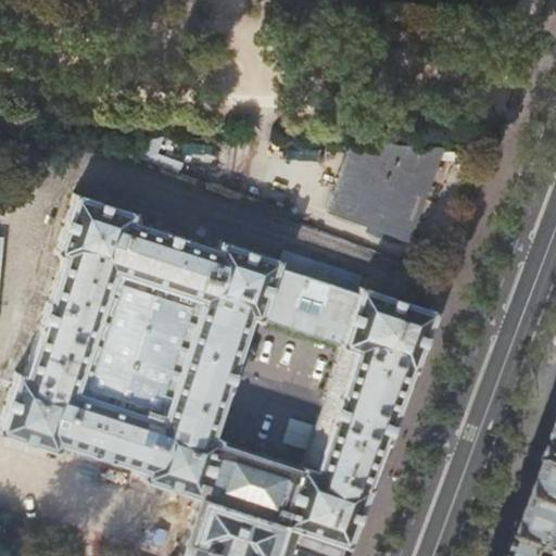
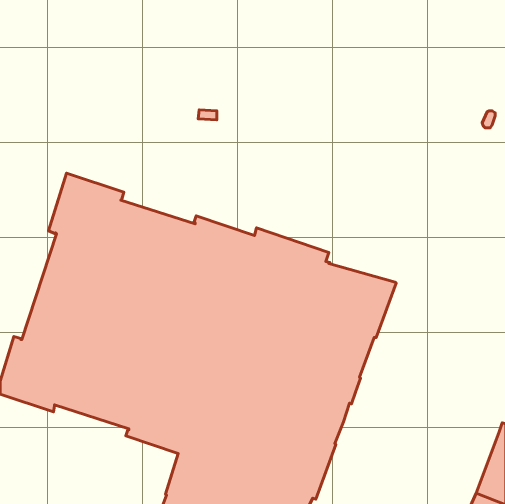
building: [326,150,439,239] -> none

